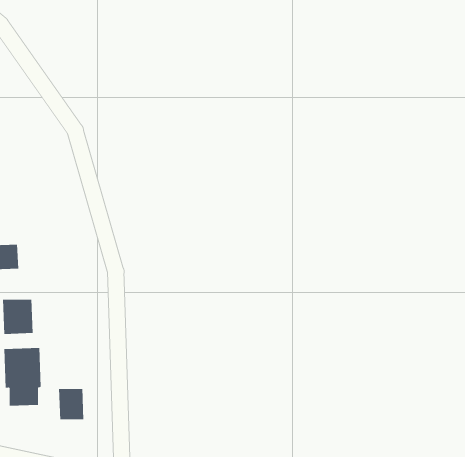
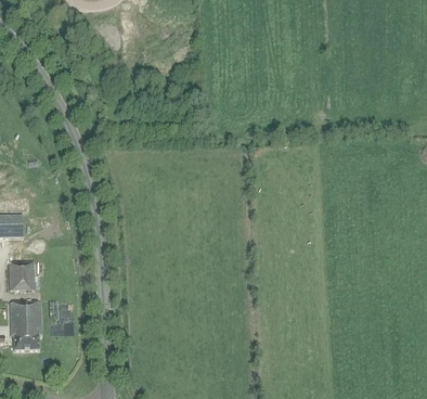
building: [59,388,84,420] -> none

